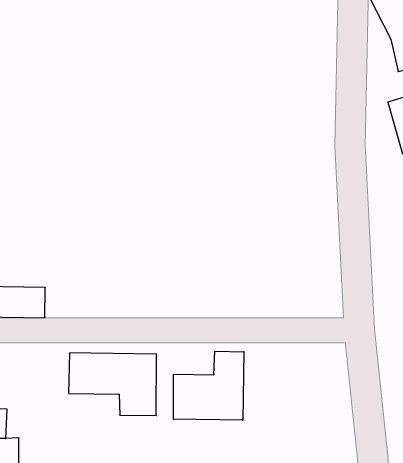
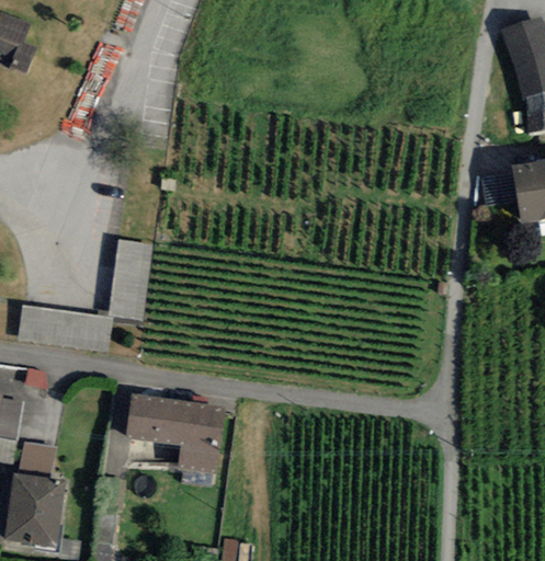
building: none -> [109,240,152,320]
building: [173,351,244,420] -> none

